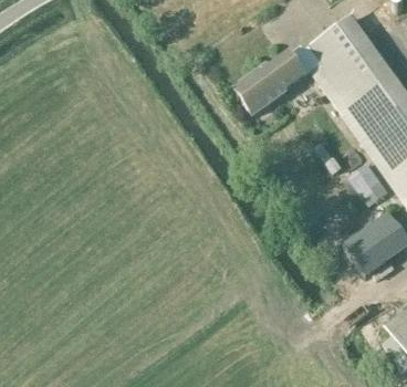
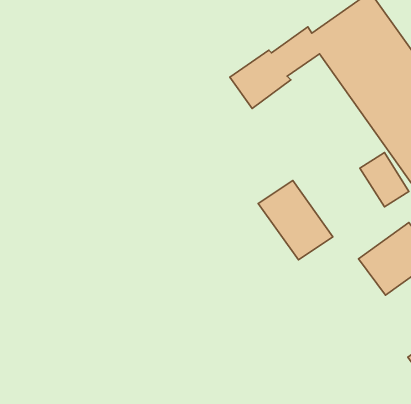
building: none -> [258,180,333,260]

